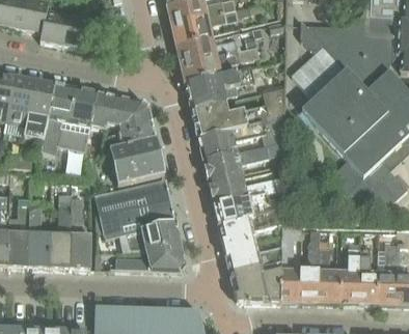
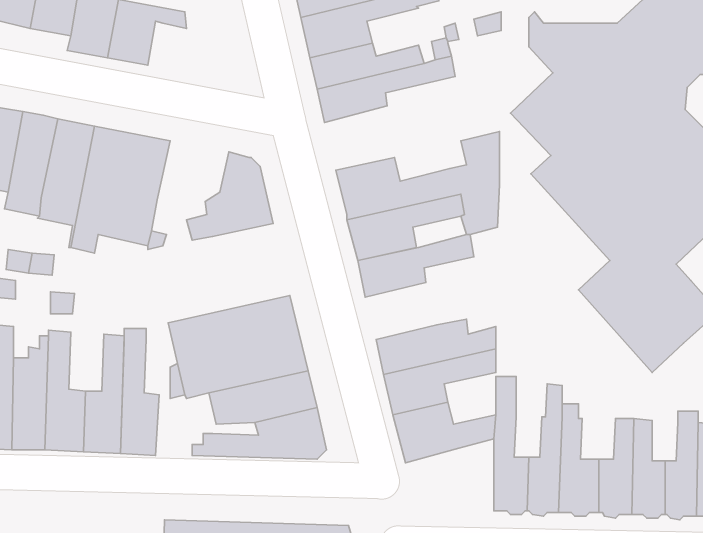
building: [185,65,254,108] -> none
building: [90,91,131,128] -> none
building: [110,138,164,184] -> none
building: [208,171,277,203] -> none
building: [230,259,280,302] -> none

